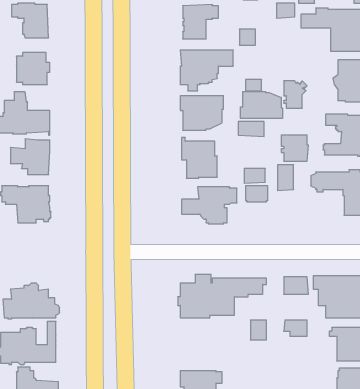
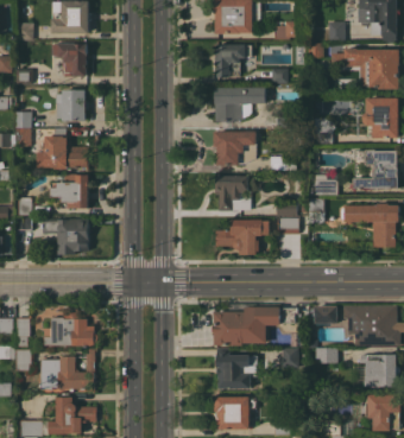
building: [240,92,282,118] -> none
building: none -> [216,348,257,388]

